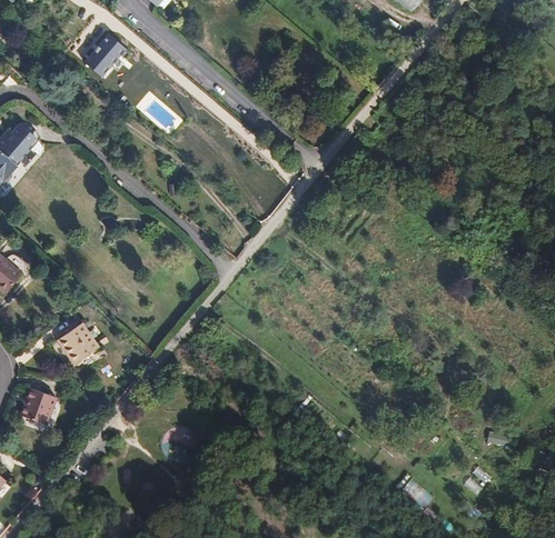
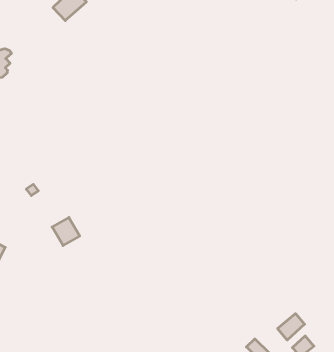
building: [59,321,98,360] -> [52,217,80,246]
building: none -> [278,314,305,340]

